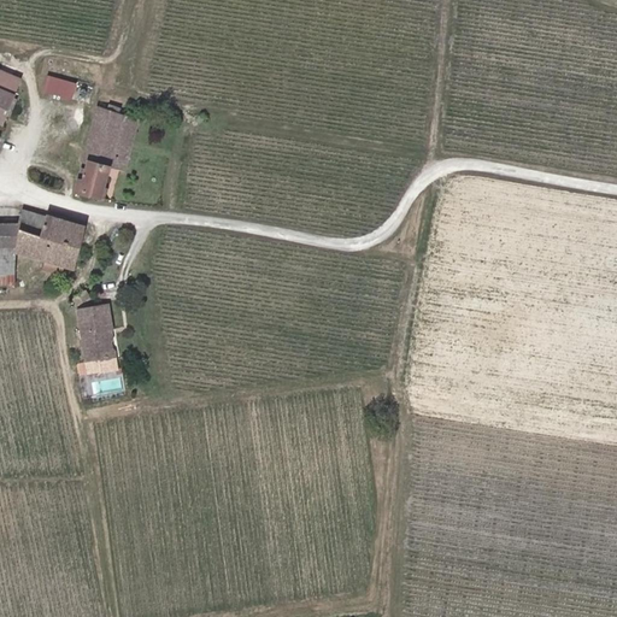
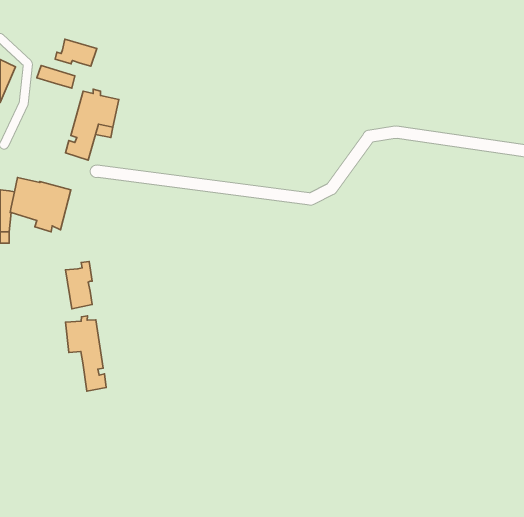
building: none -> [55,39,97,66]
building: none -> [66,316,106,391]

